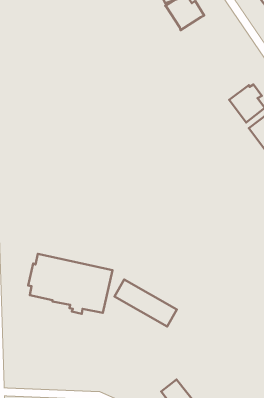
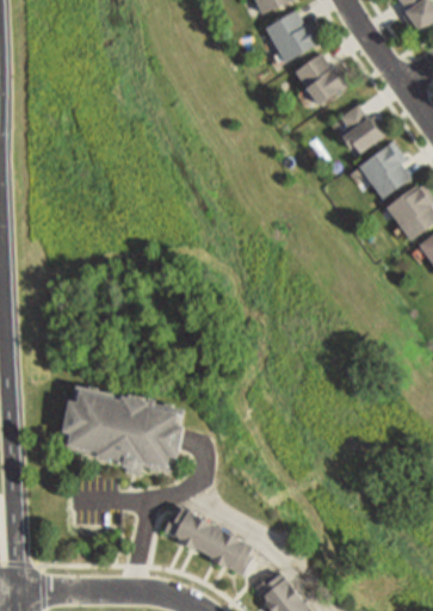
building: none -> [296,53,348,101]
building: none -> [339,104,384,152]
building: [115,279,177,326] -> [166,510,258,579]

